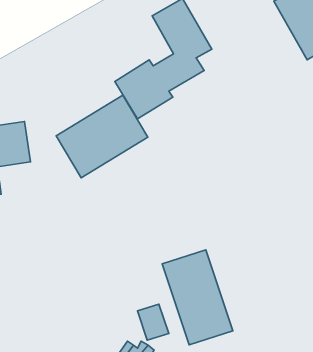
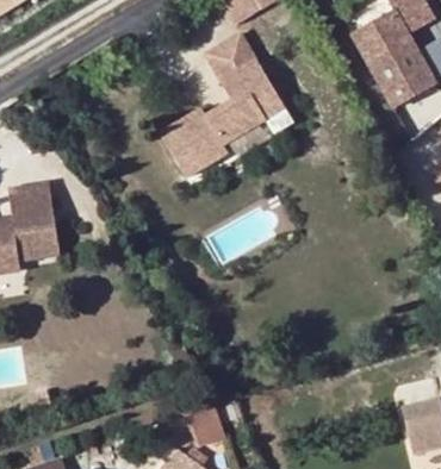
building: [56,95,148,178] -> none
building: [162,250,233,345] -> none

